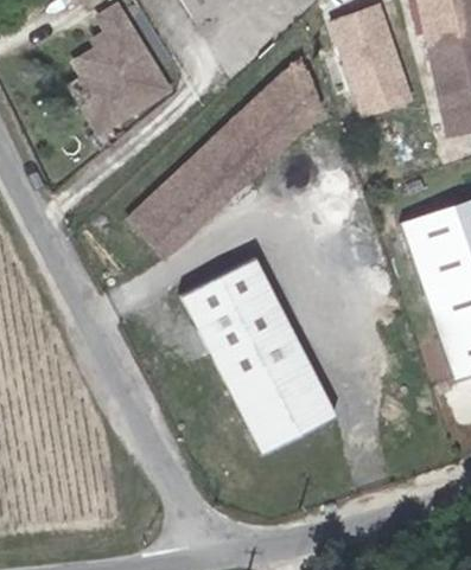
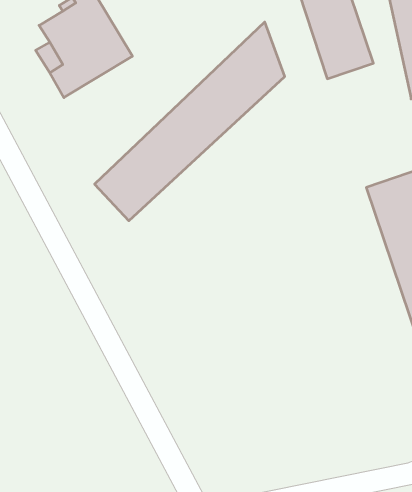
building: [182,256,336,454] -> none

